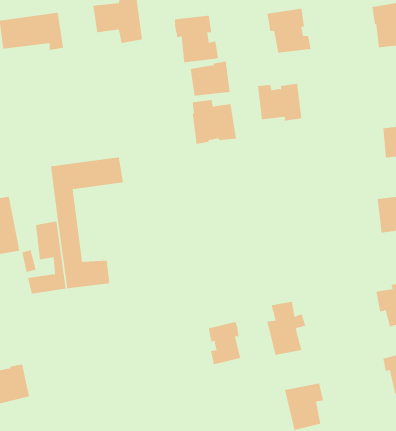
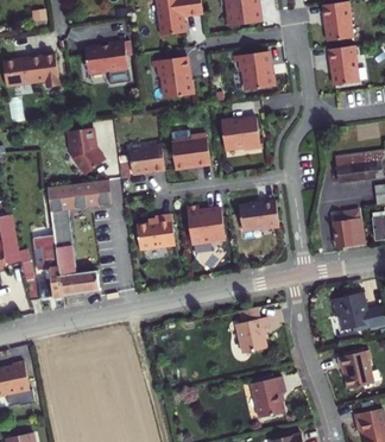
building: [190,61,231,96] -> [128,143,164,173]
building: none -> [67,127,105,173]
building: none -> [239,200,279,229]
building: none -> [185,204,225,244]
building: none -> [135,214,175,250]
building: [208,321,241,365] -> none

